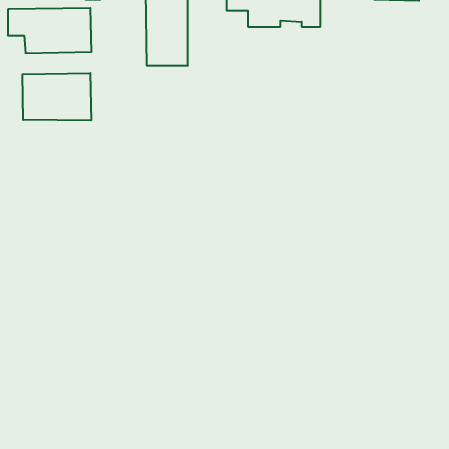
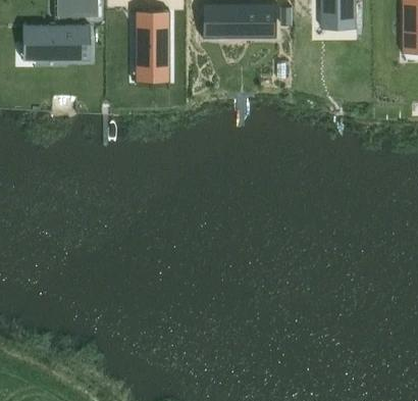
building: [22,73,91,120] -> none

